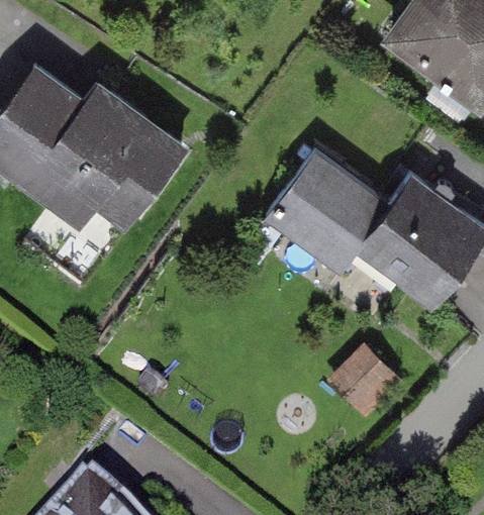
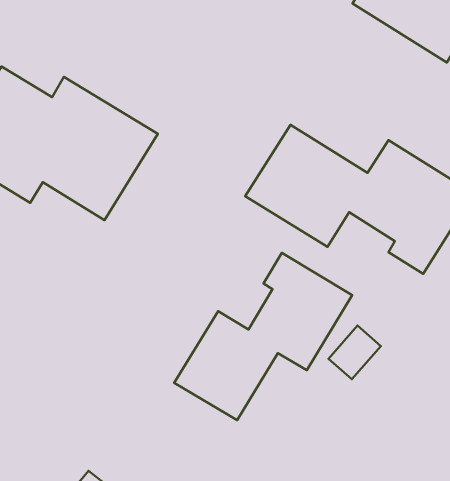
building: none -> [174,253,352,420]

